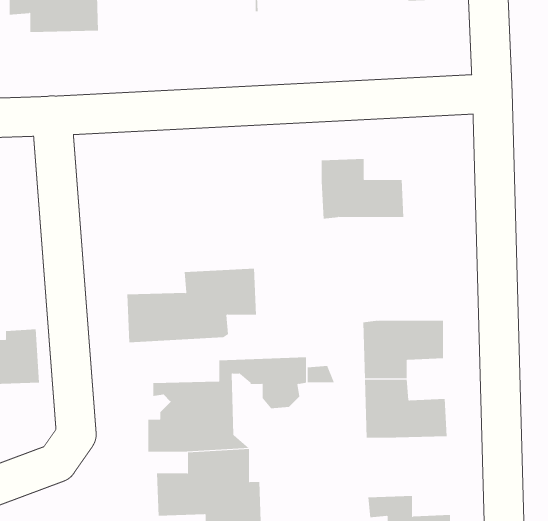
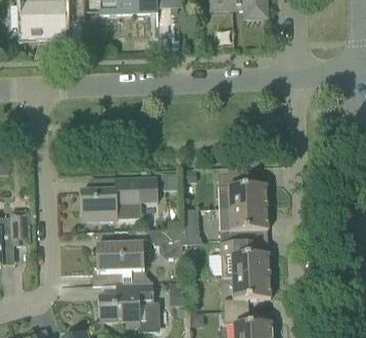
building: [321,159,404,219] -> [218,171,267,207]
building: none -> [222,274,270,310]

